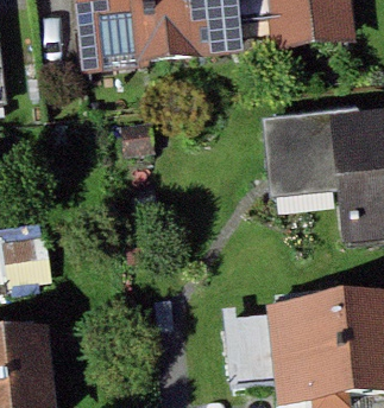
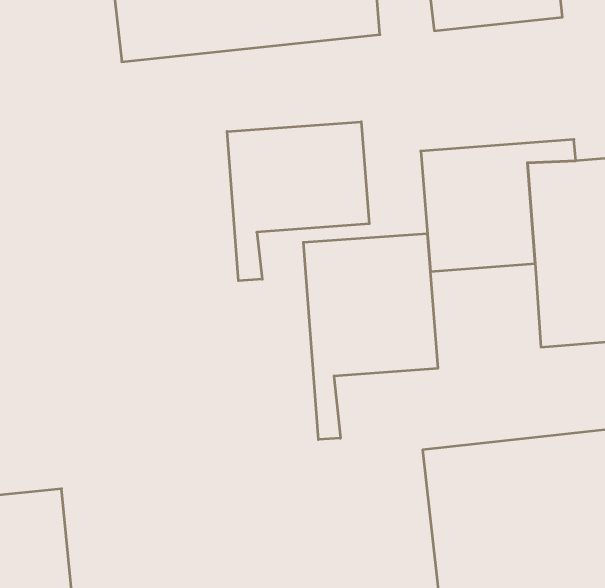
building: none -> [227,122,369,281]
building: none -> [303,234,438,440]

